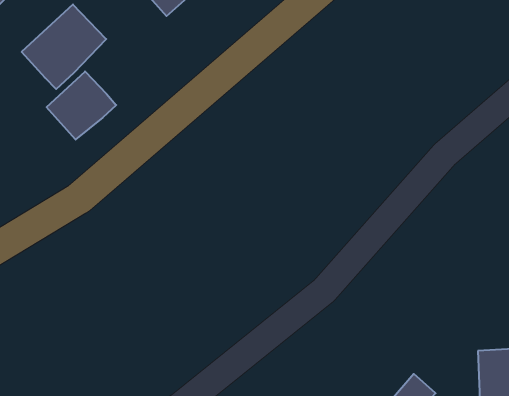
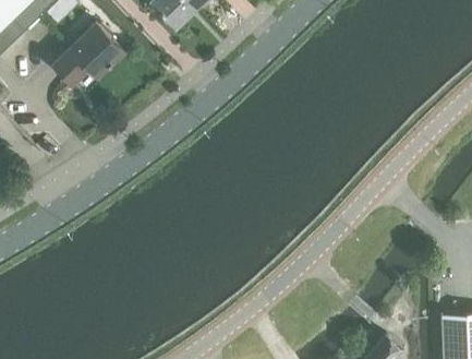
building: [47,71,116,140] -> none

